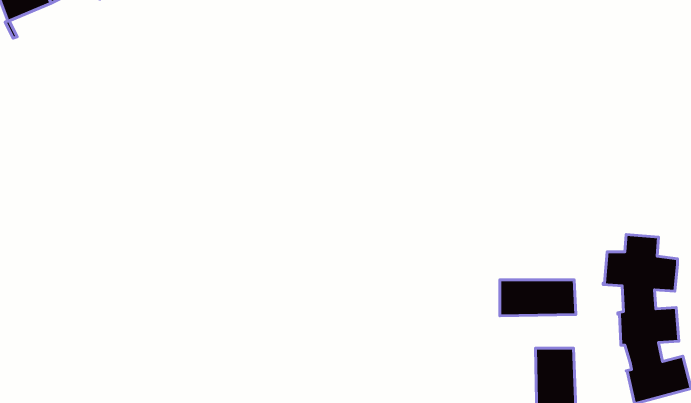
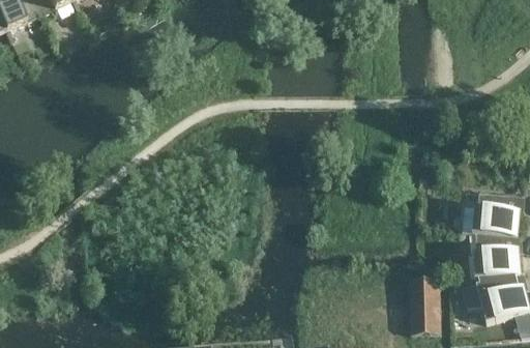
building: [500,280,576,316] -> none

